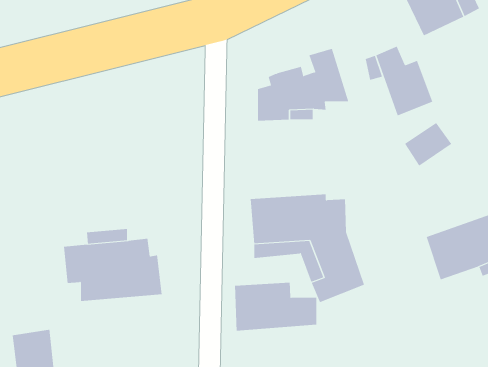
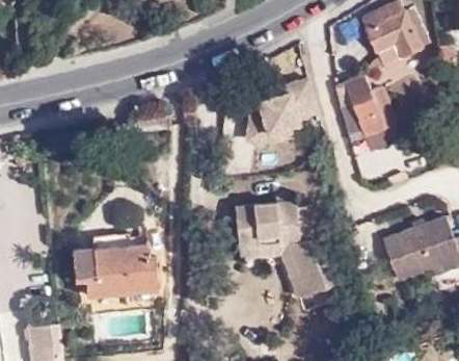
building: [234,282,317,332] -> none

